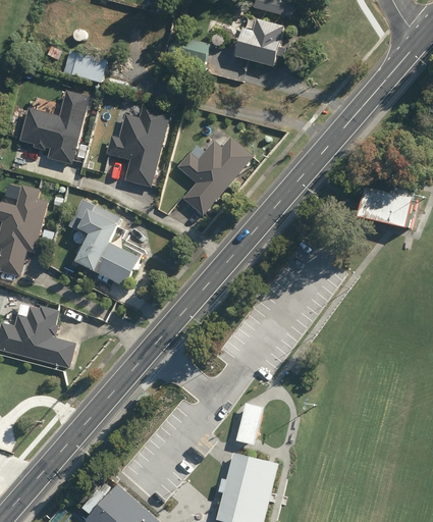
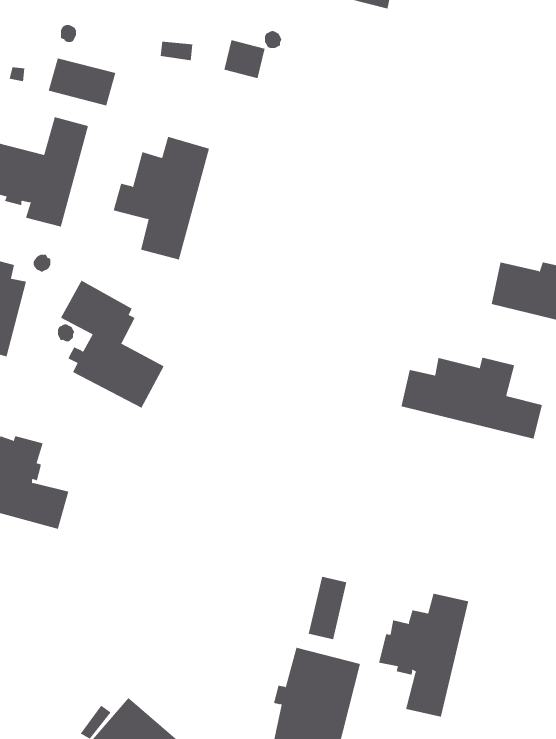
building: [235,19,286,67] -> none
building: [177,137,254,216] -> none
building: none -> [401,357,542,439]
building: none -> [379,593,469,717]

